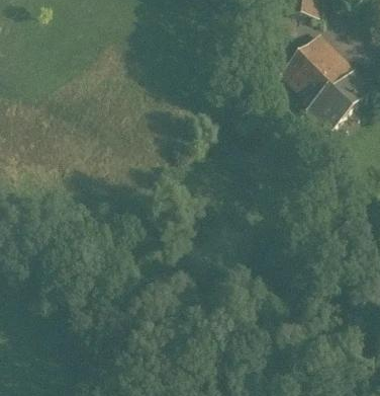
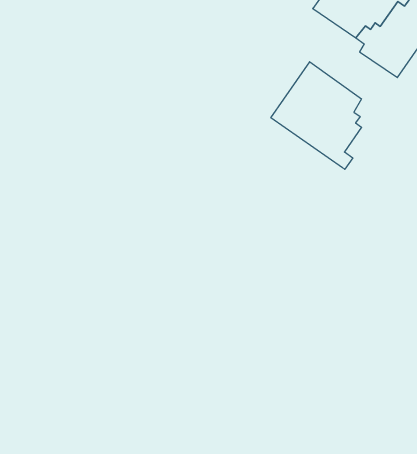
building: none -> [271,62,362,169]

